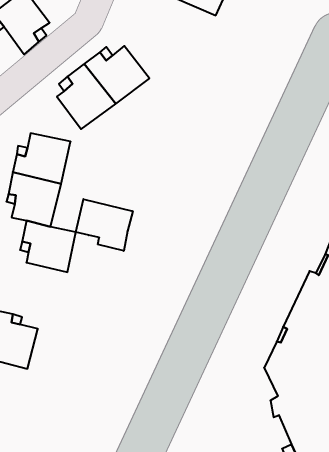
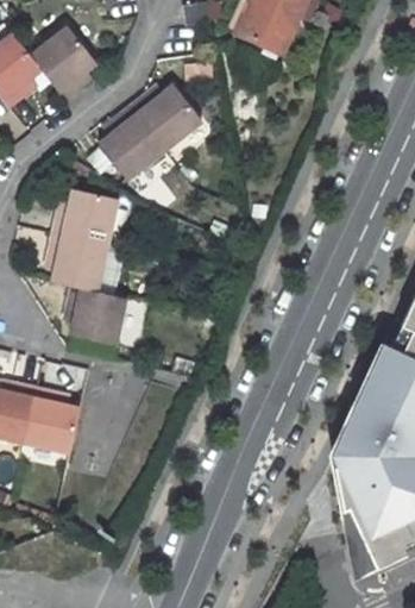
building: [76,199,133,251] -> none

